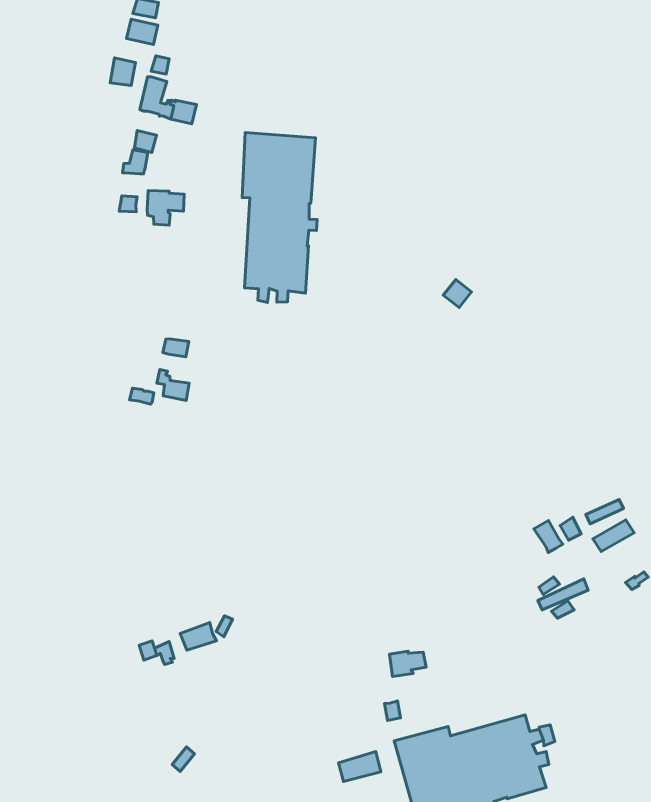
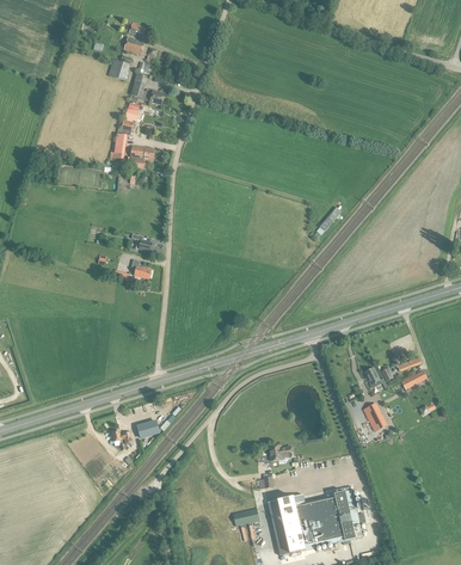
building: [242,132,317,302] -> none

